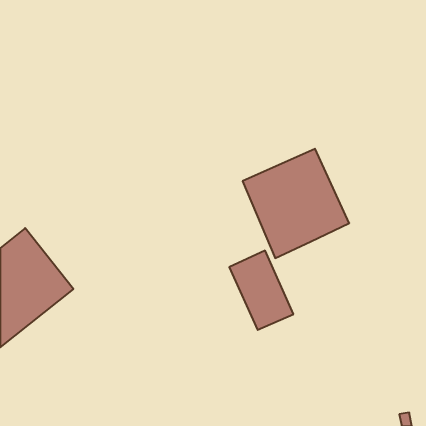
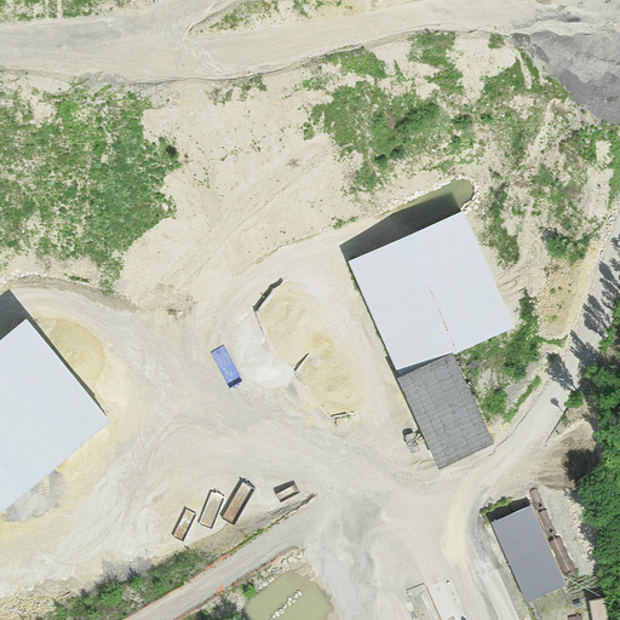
building: [229,251,293,330] -> [400,350,493,465]
building: none -> [493,505,564,599]

